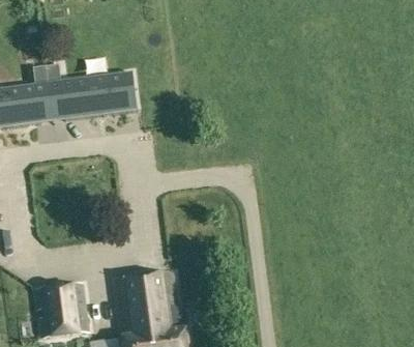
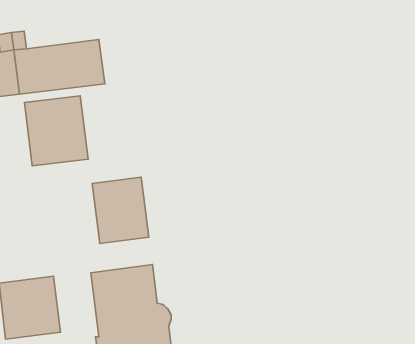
building: none -> [25,96,88,166]
building: none -> [92,177,149,243]

